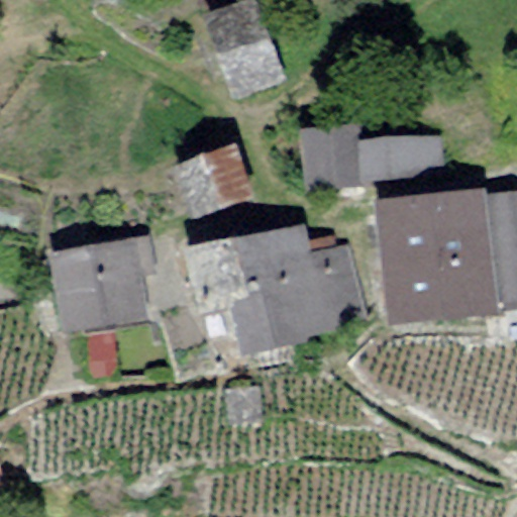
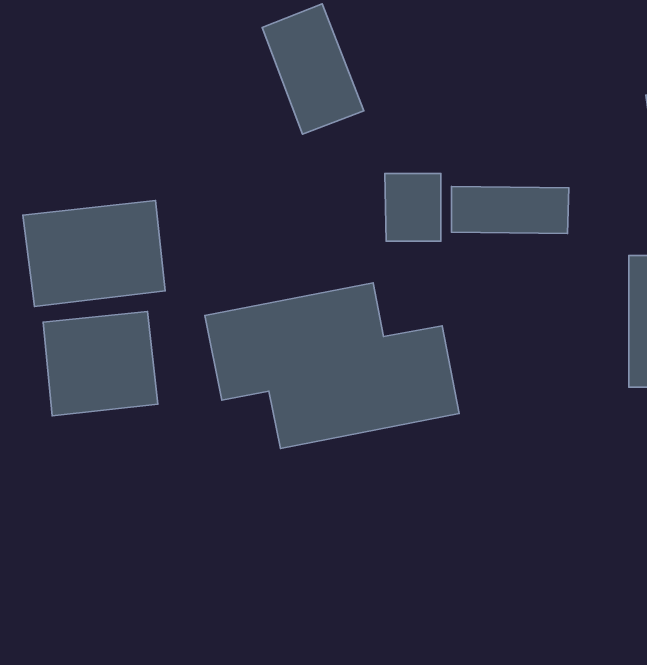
building: [179,156,253,218] -> none
building: none -> [23,200,165,306]
building: [381,204,494,316] -> none

